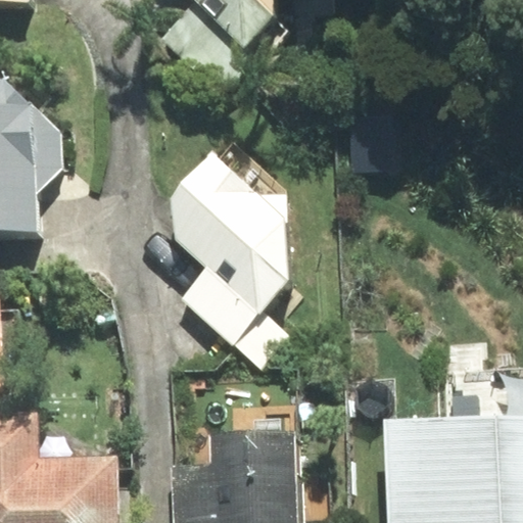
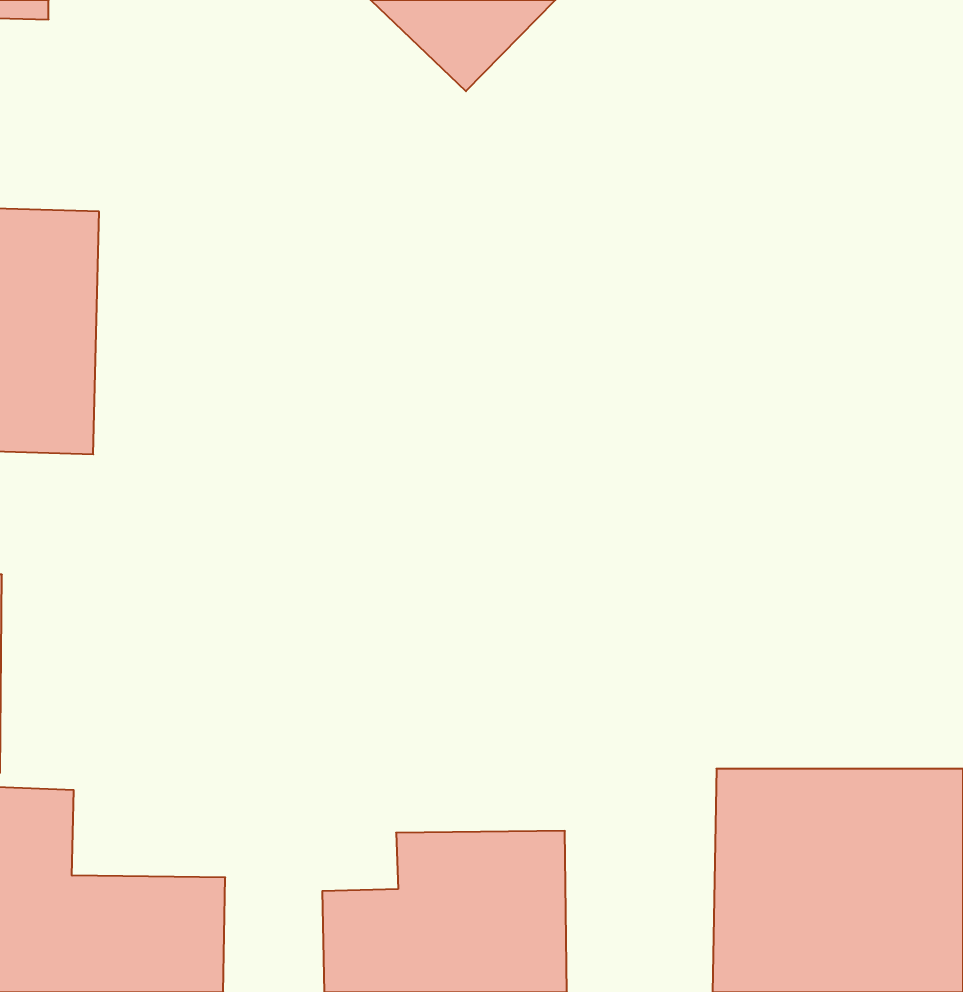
building: [173,154,288,350] -> none

